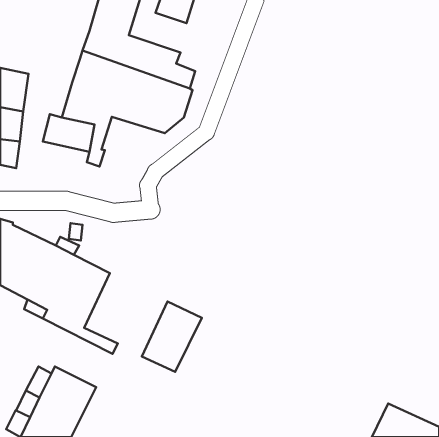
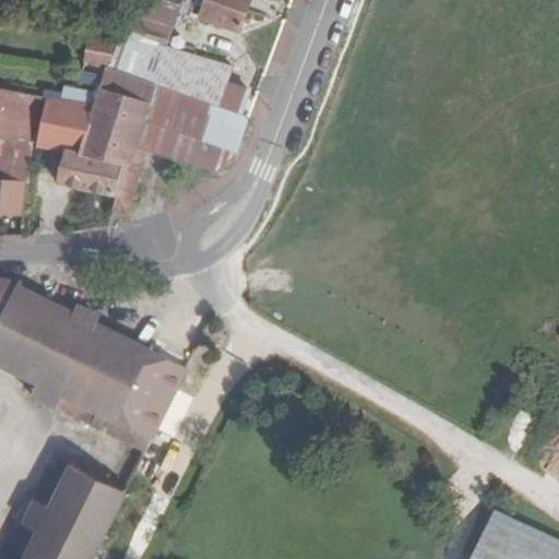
building: none -> [45,97,92,150]
building: [142,301,202,372] -> [107,347,183,437]

